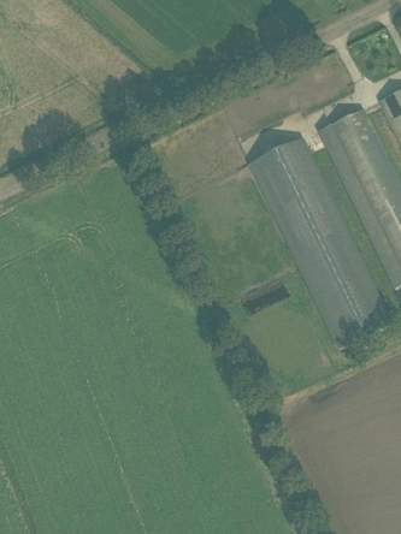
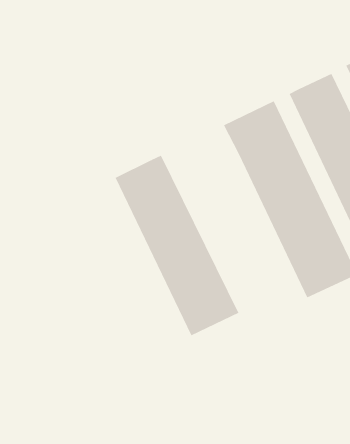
building: none -> [115,155,239,336]

